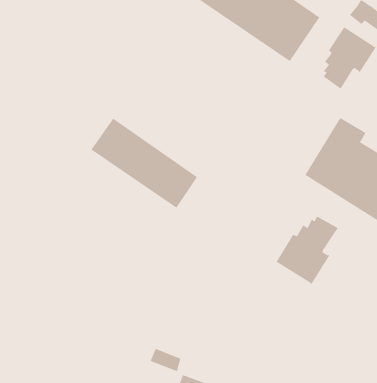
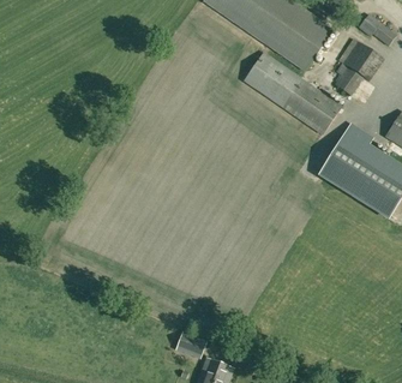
building: [90,118,198,209] -> [242,52,341,134]
building: [276,216,338,285] -> none

